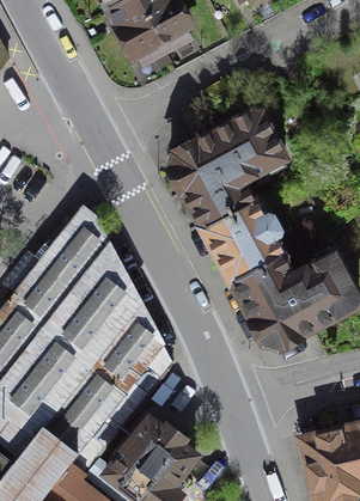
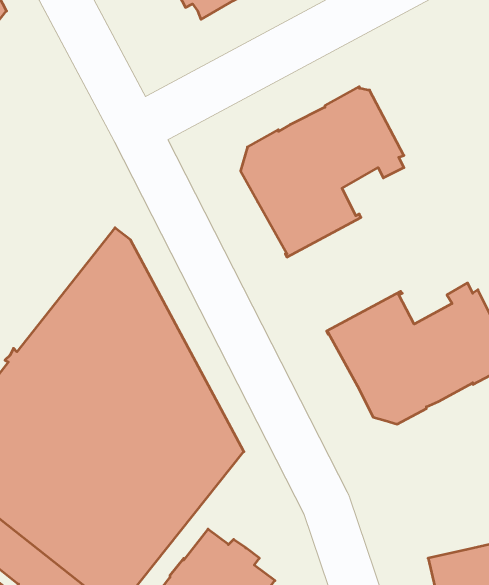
building: [203,197,282,280] -> none

